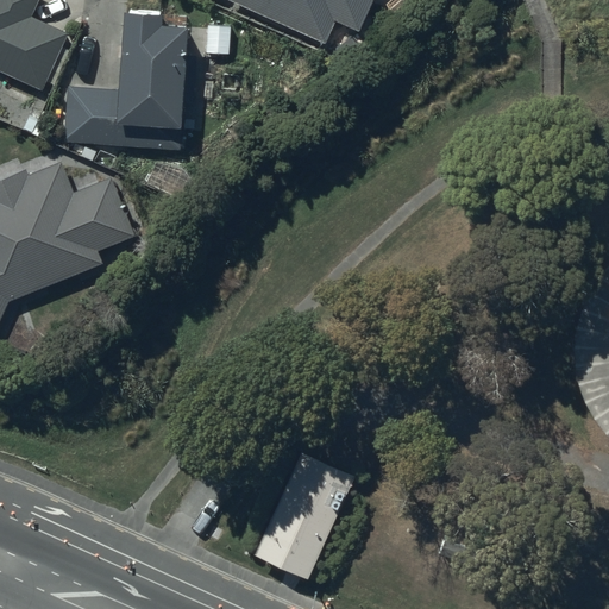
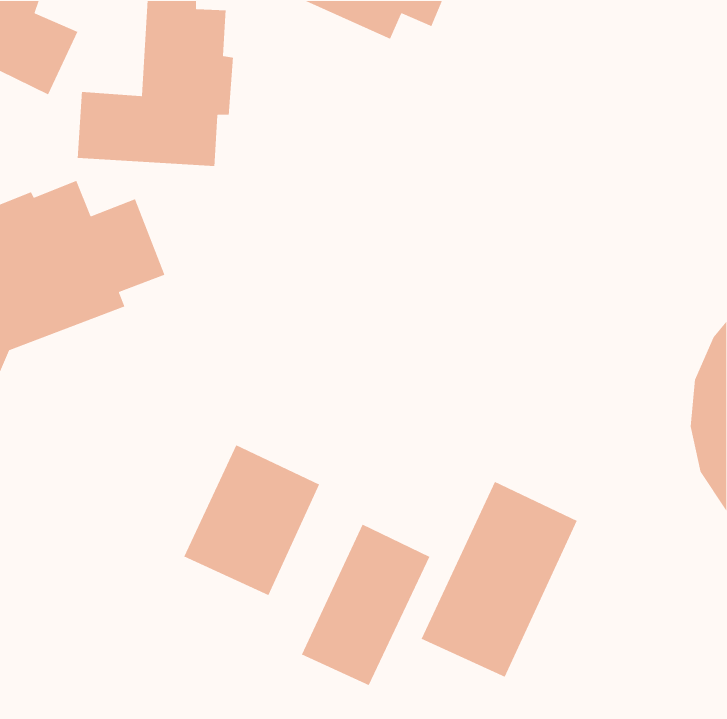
building: none -> [183,444,320,596]
building: none -> [421,481,578,678]

